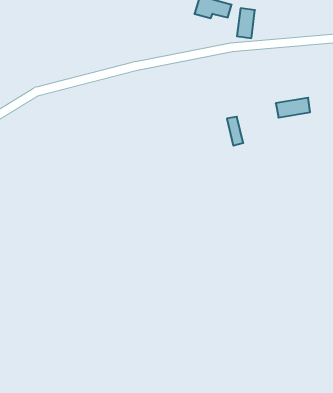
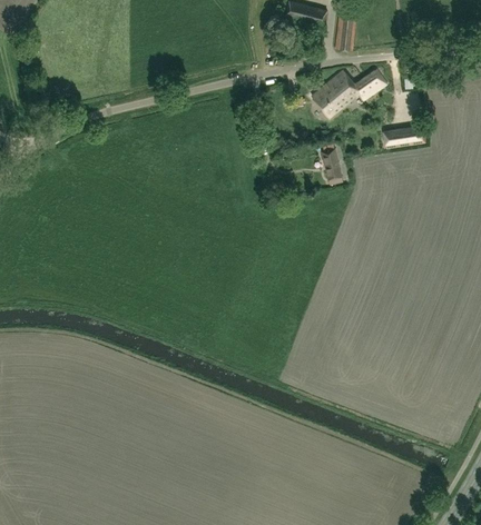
building: none -> [311,69,386,117]

